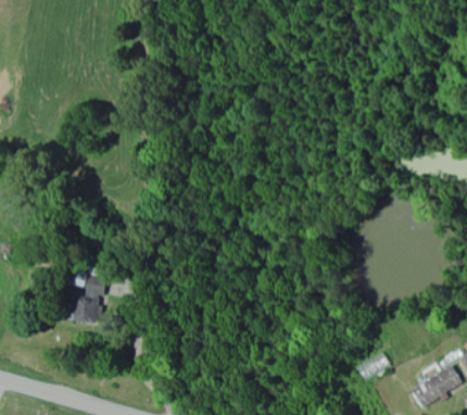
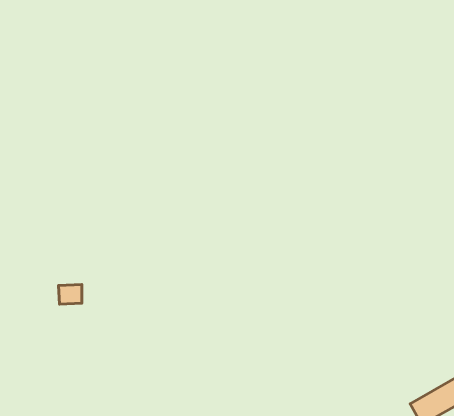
building: [62,294,104,325] -> none

